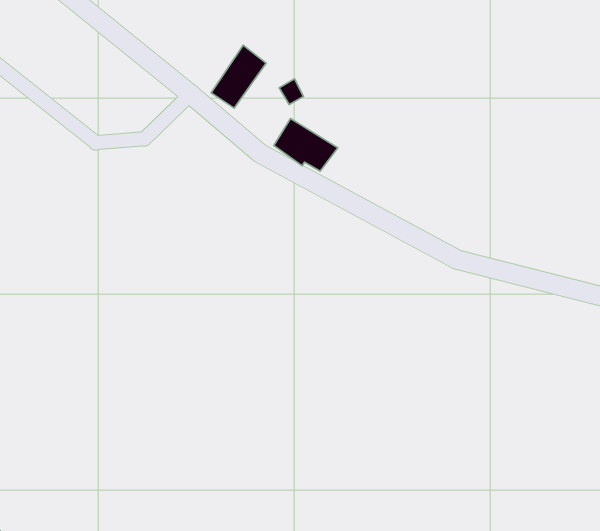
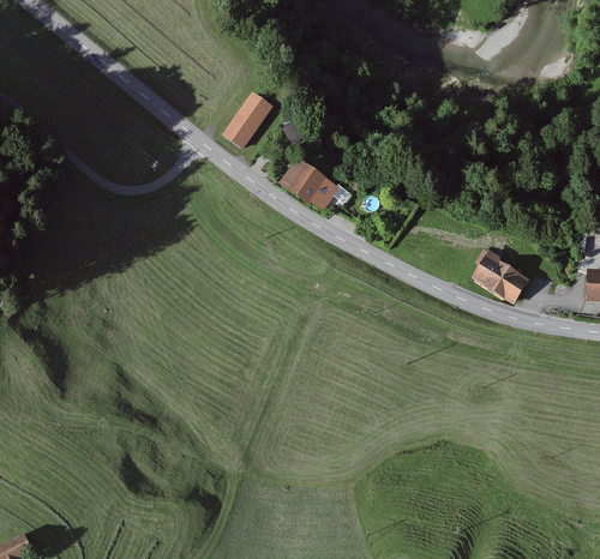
building: none -> [470,245,528,300]

